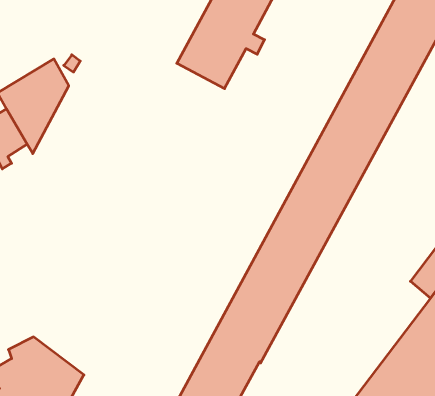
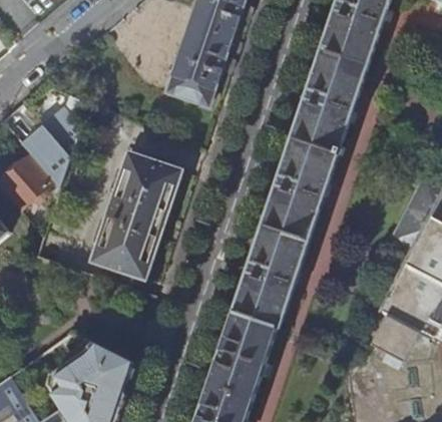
building: none -> [92,152,181,279]

